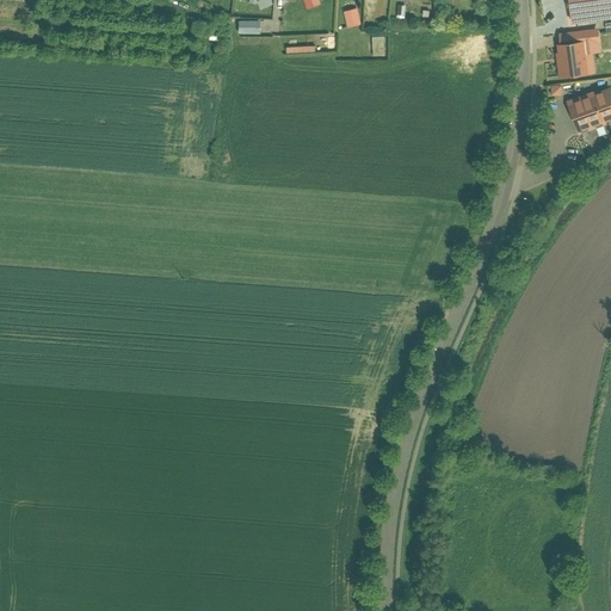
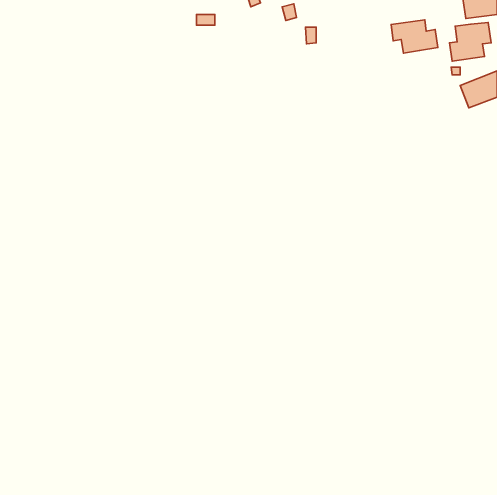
building: none -> [391,20,438,53]

